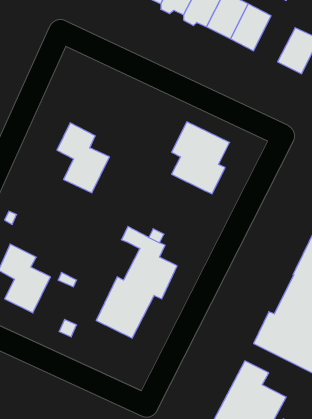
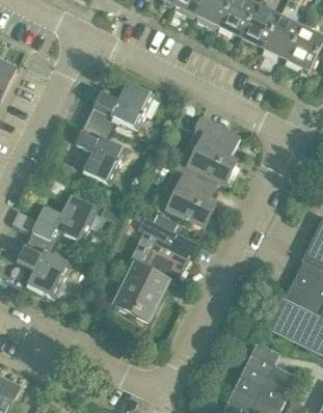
building: none -> [263,16,302,59]
building: none -> [88,81,153,130]
building: none -> [164,163,216,227]
building: none -> [31,195,97,245]

